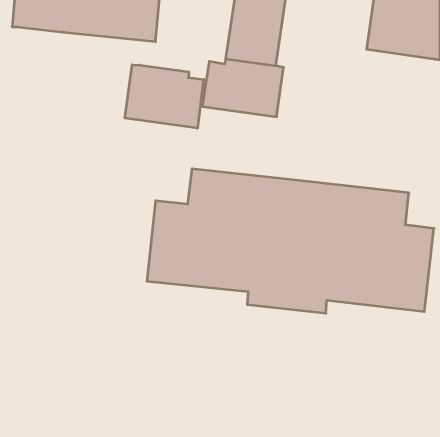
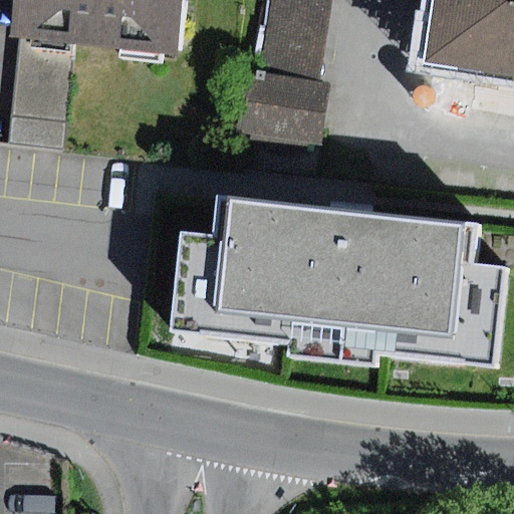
building: none -> [6,31,73,144]
building: [125,65,204,128] -> none

